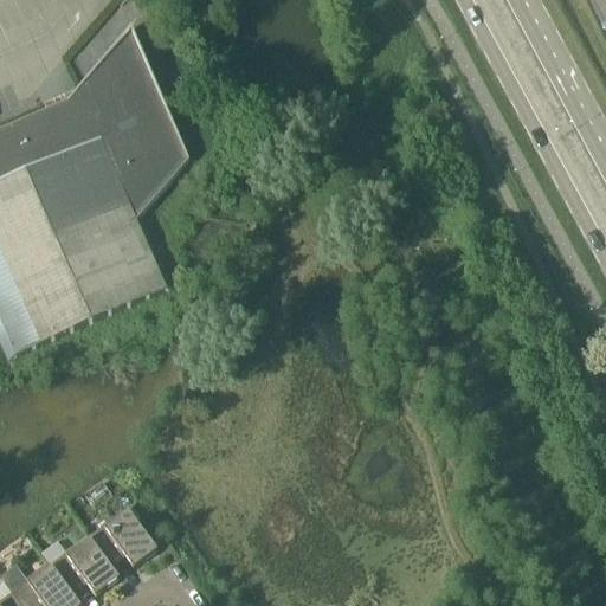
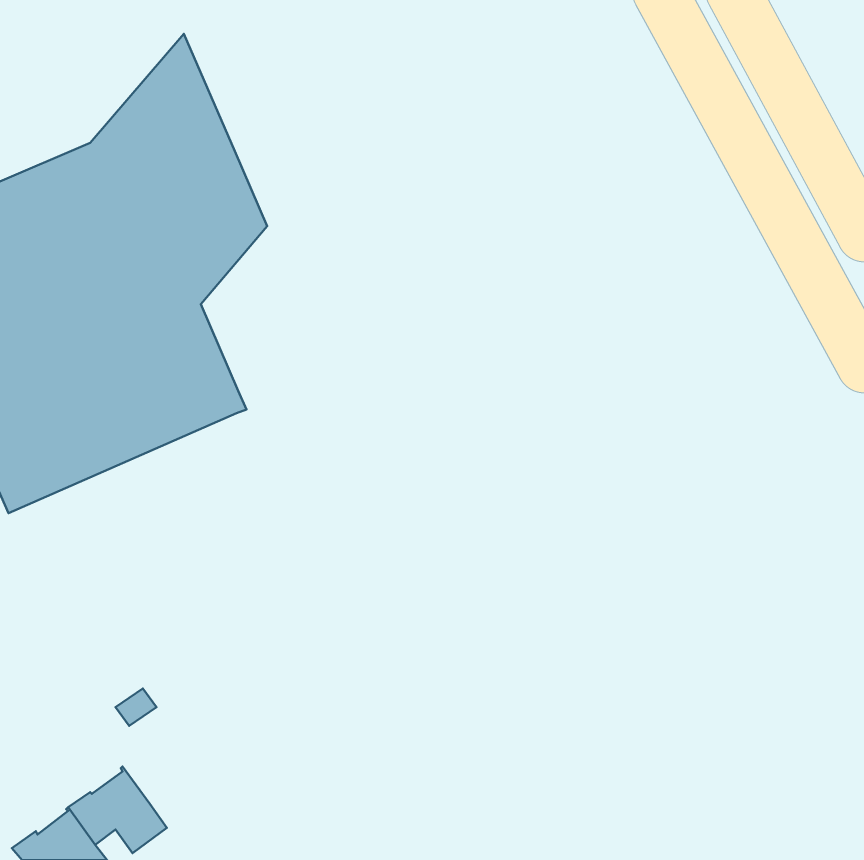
building: [85,508,155,566] -> none

